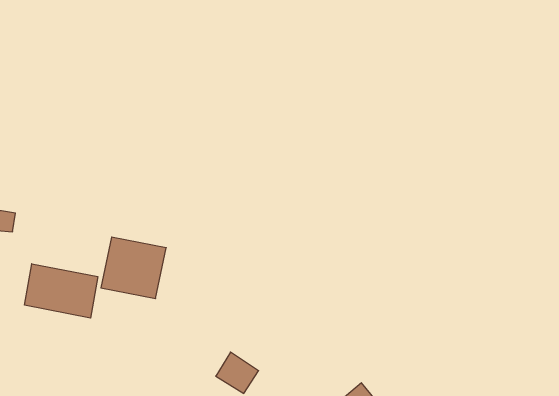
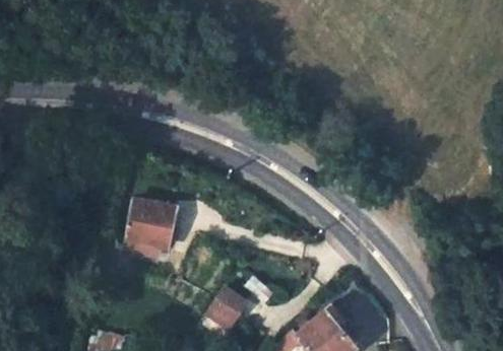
building: [25,264,98,318] -> none

